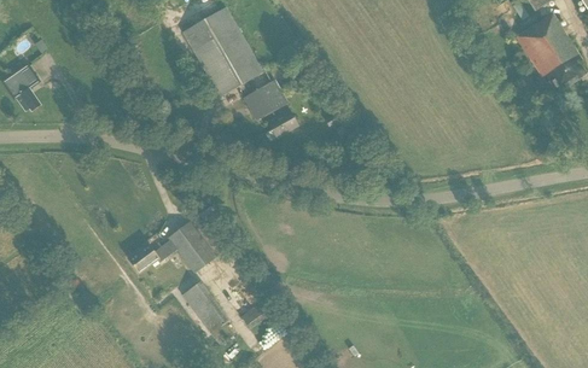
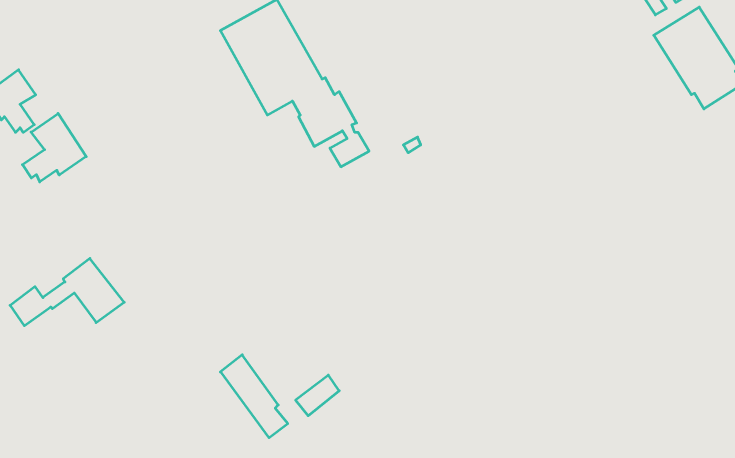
building: none -> [22,113,86,182]
building: [128,221,216,273] -> [10,258,124,326]

